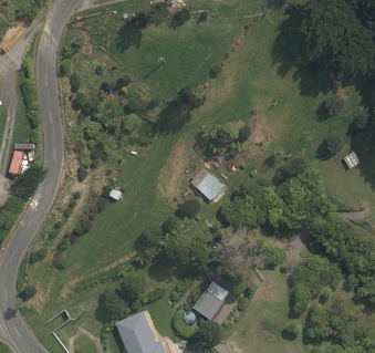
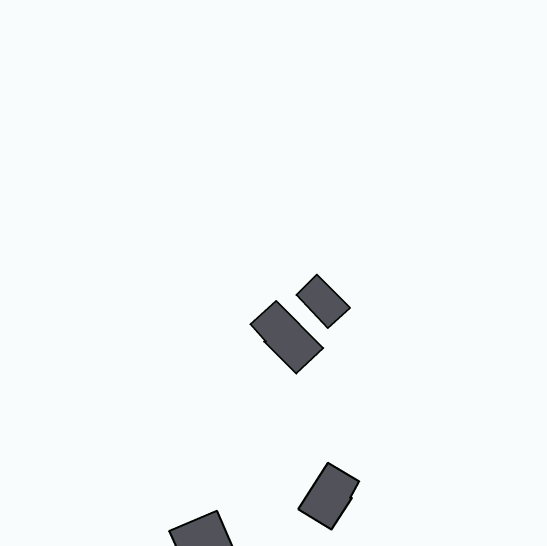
building: none -> [250,301,323,374]

